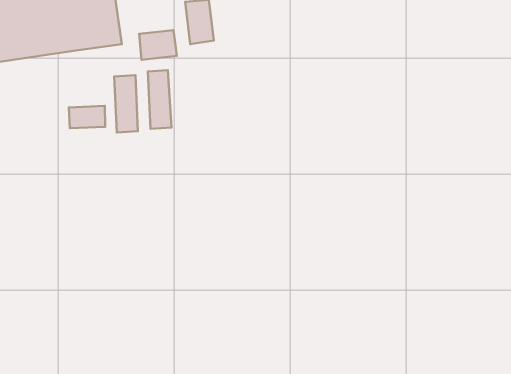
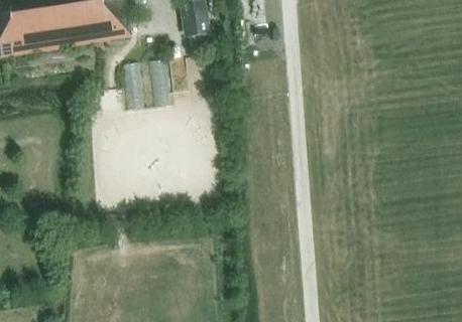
building: [139,30,177,60] -> none
building: [69,106,105,128] -> none

